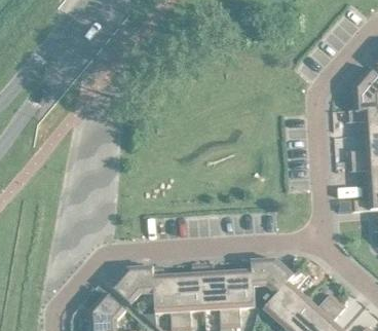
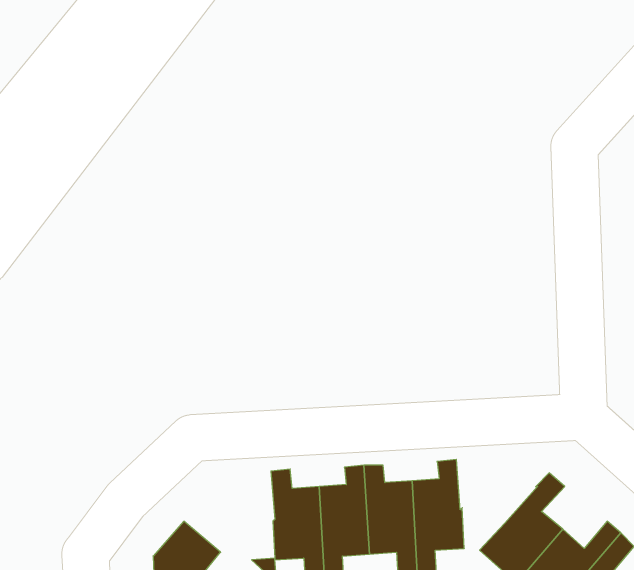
building: [251,258,294,293] -> none
building: [112,265,154,303] -> none

